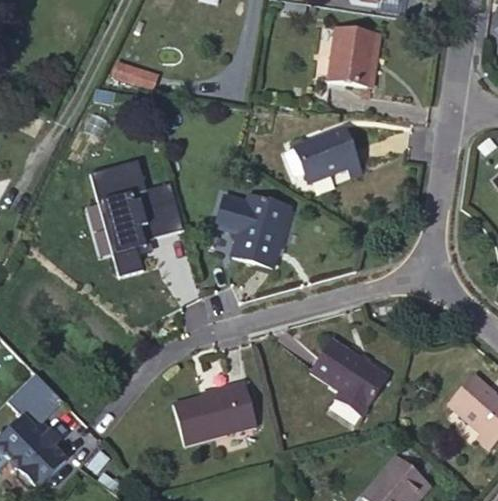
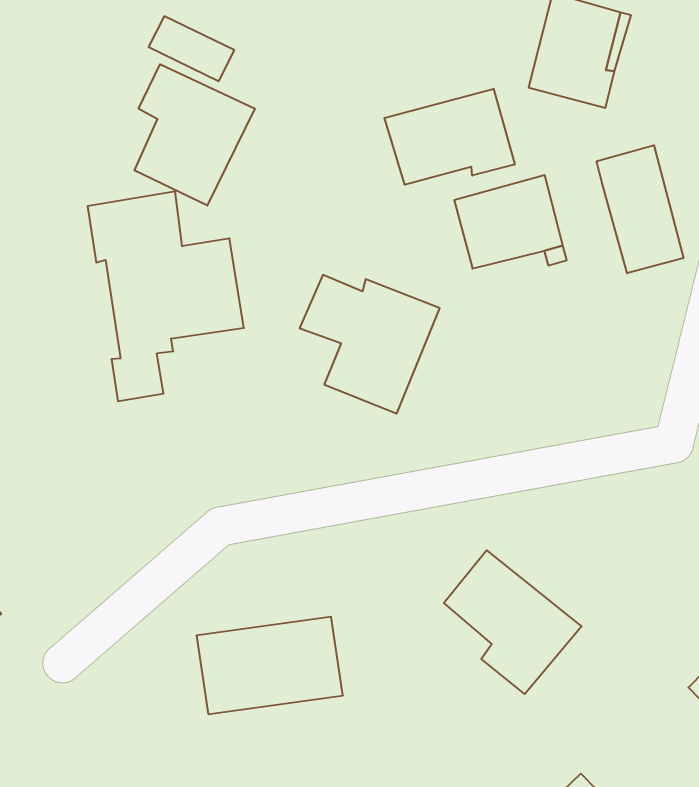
building: none -> [384,89,515,185]
building: none -> [135,64,255,206]
building: none -> [597,145,683,273]

